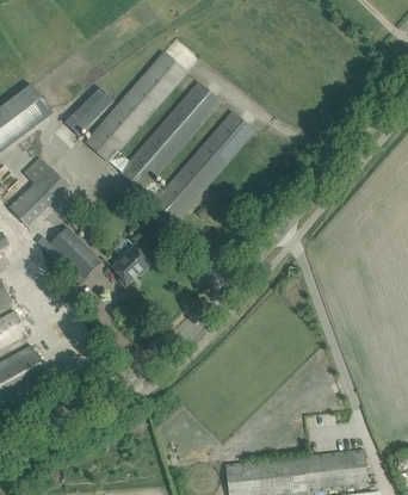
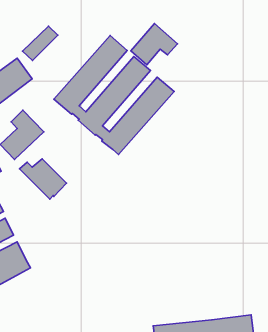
building: none -> [131,24,177,65]
building: [63,87,113,136] -> [22,26,58,60]
building: [111,245,152,286] -> none

